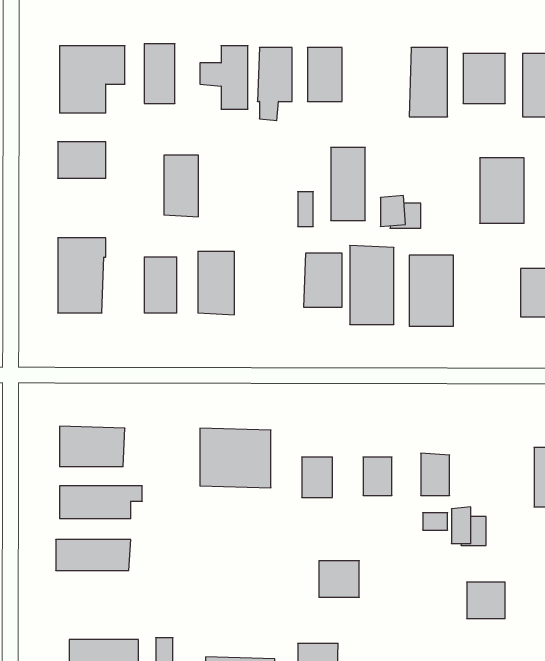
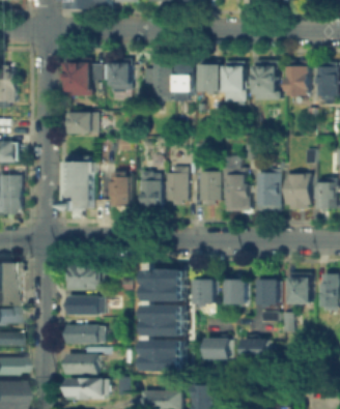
building: [331,147,365,220] -> [225,62,244,101]
building: [164,155,198,217] -> [167,168,186,201]
building: [480,158,524,223] -> [285,173,309,208]
building: none -> [290,273,309,302]
building: none -> [142,302,180,332]
building: none -> [142,338,180,368]
building: [467,582,505,619] -> [246,339,266,358]
building: none -> [67,355,96,373]

